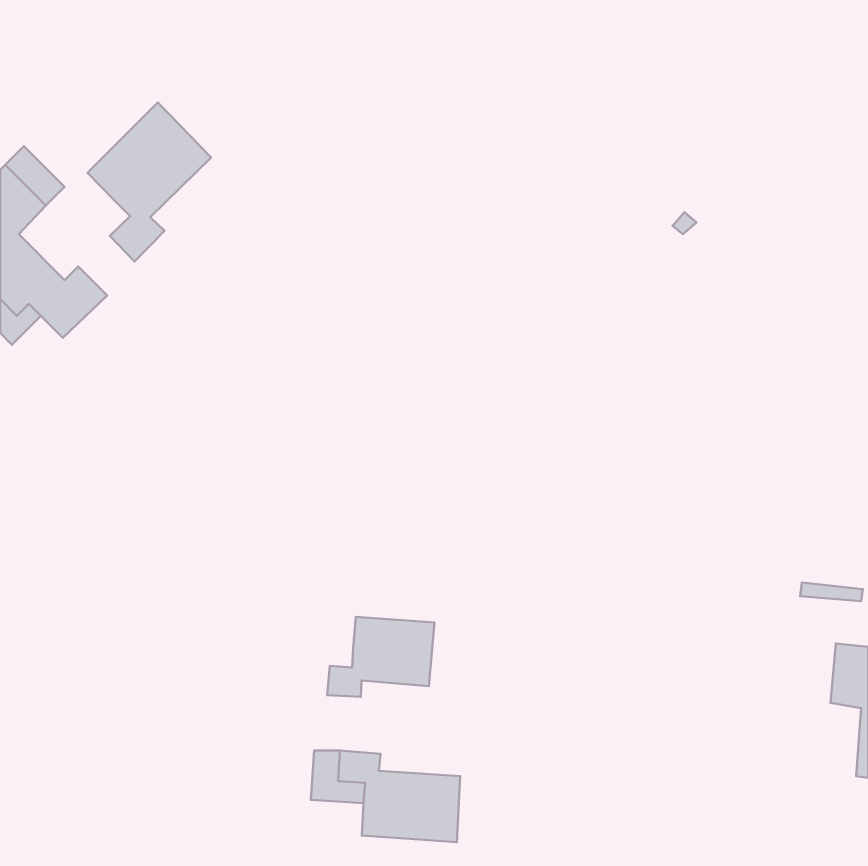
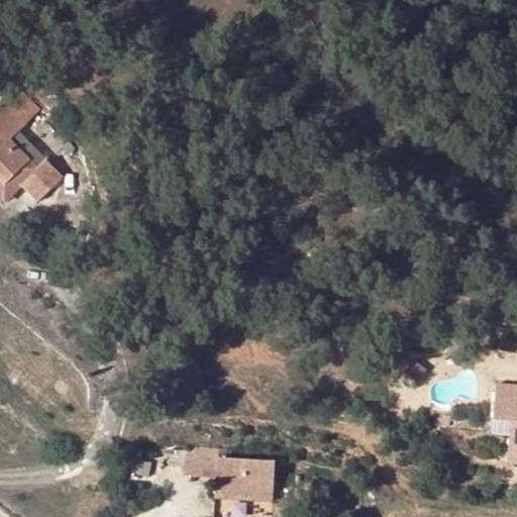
building: [87,102,211,261] -> none
building: [327,617,434,697] -> none

